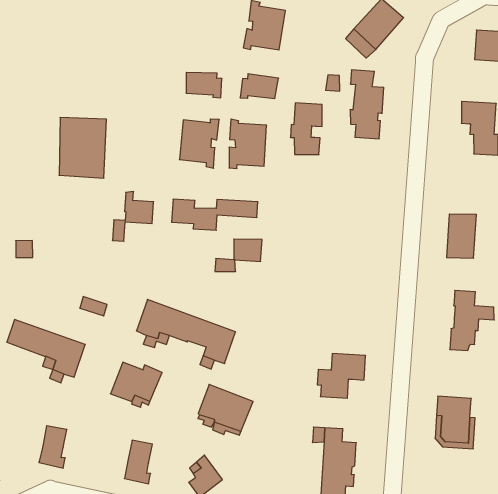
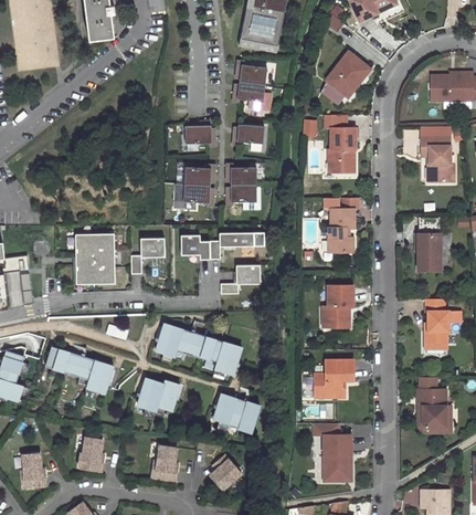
building: [290,103,322,155] -> [327,209,353,253]
building: [59,117,106,178] -> [74,233,115,284]
building: none -> [321,285,352,327]

